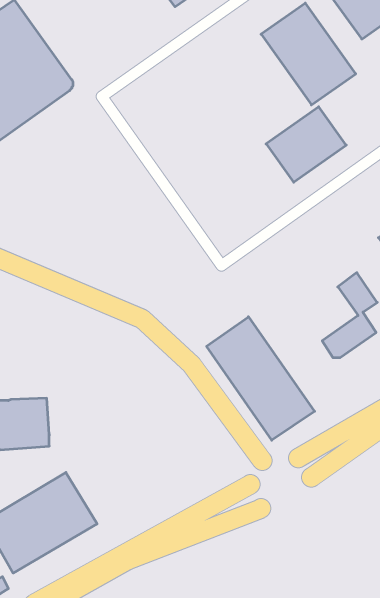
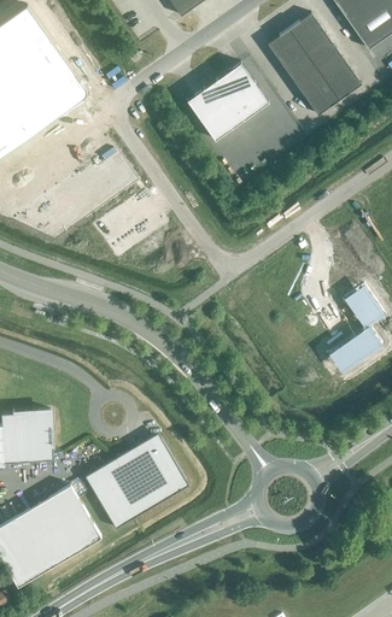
building: [266,107,346,182] -> [187,64,268,140]
building: [207,317,315,440] -> none
building: none -> [86,433,189,529]

